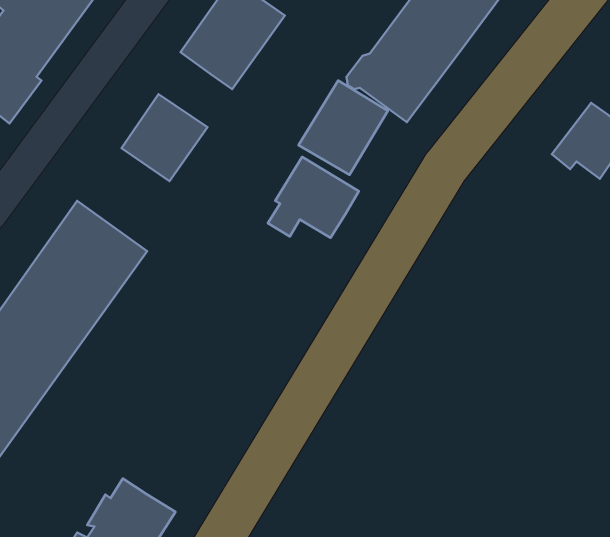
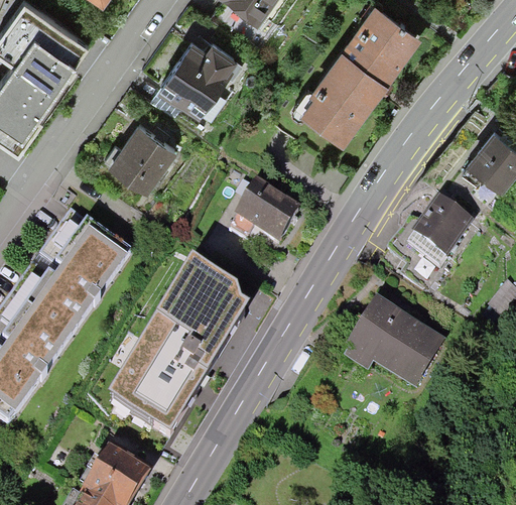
building: [299,81,388,175] -> none
building: none -> [406,197,472,266]
building: none -> [108,254,247,430]
building: none -> [344,303,441,389]

